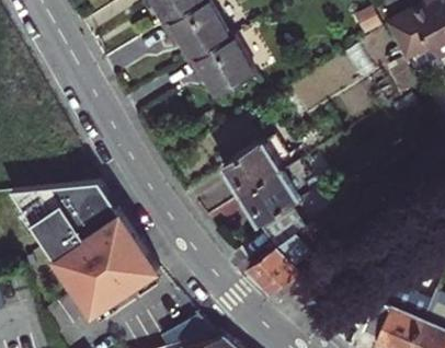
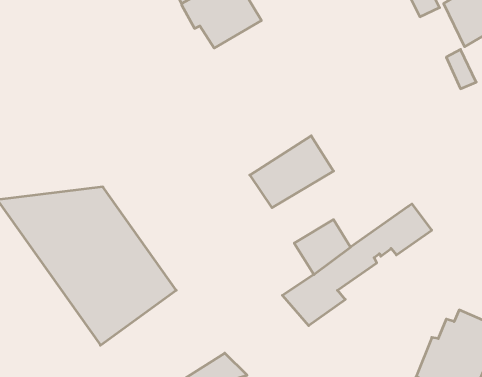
building: [189,37,256,100] -> none
building: [240,164,309,224] -> none

